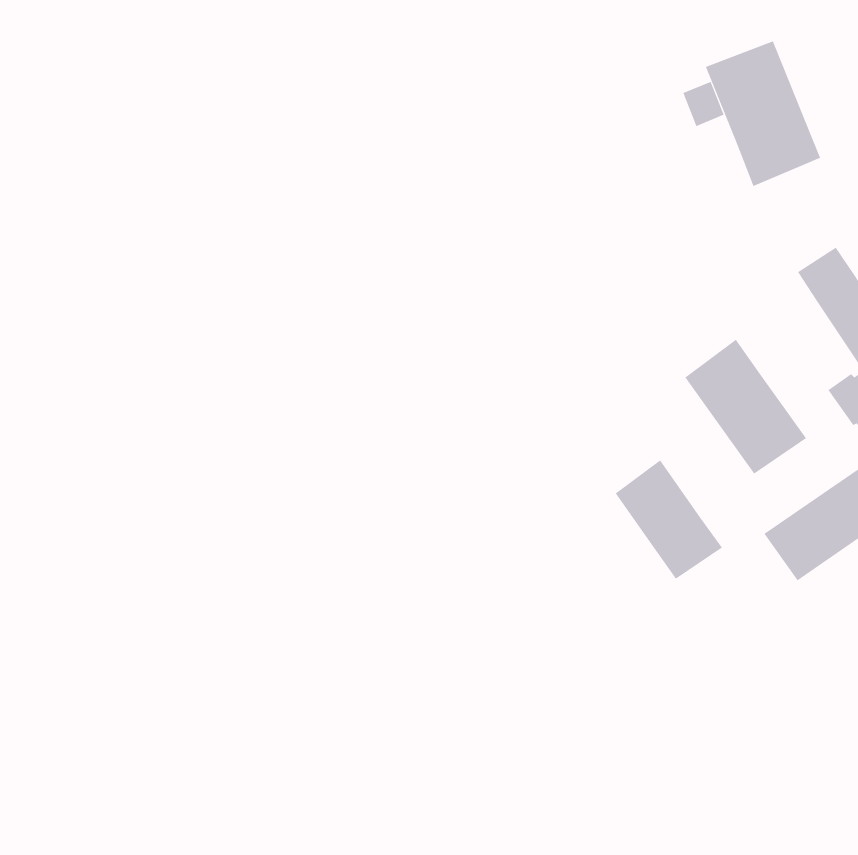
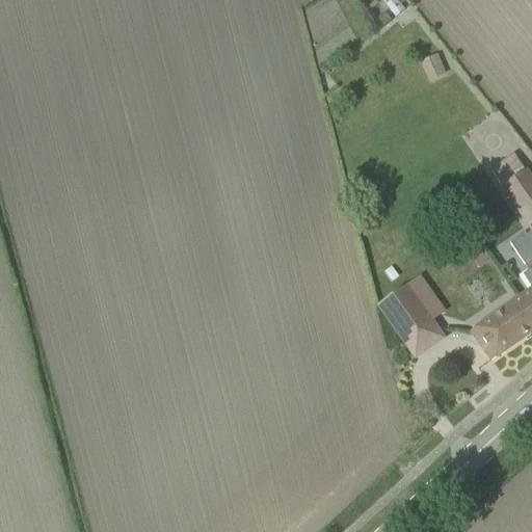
building: [705,41,821,187] -> none
building: [685,339,807,474] -> none

